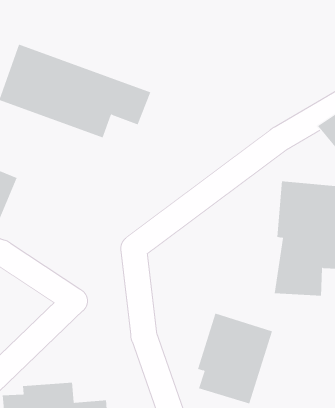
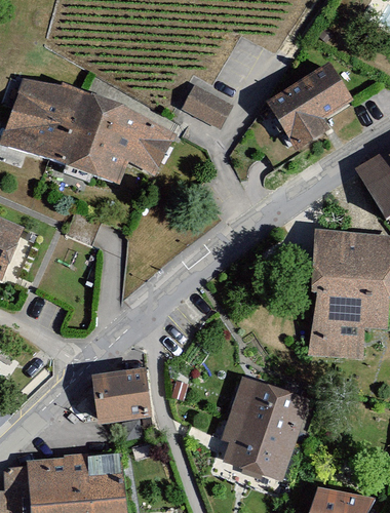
building: none -> [267,65,351,151]
building: none -> [182,86,232,128]
building: none -> [91,369,151,425]

